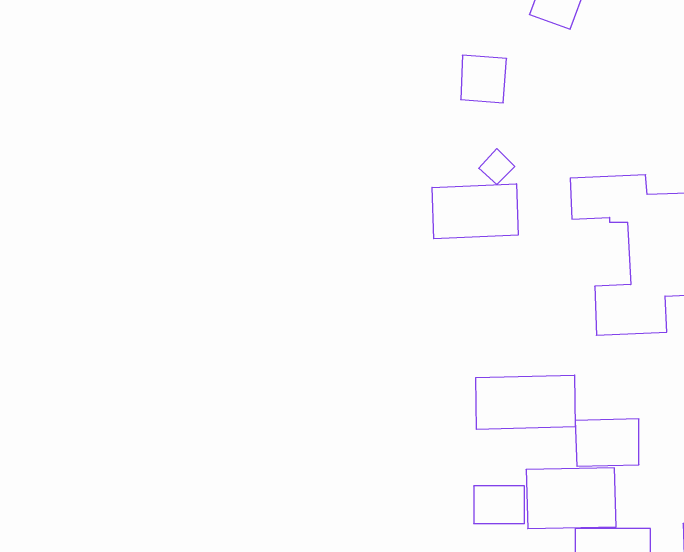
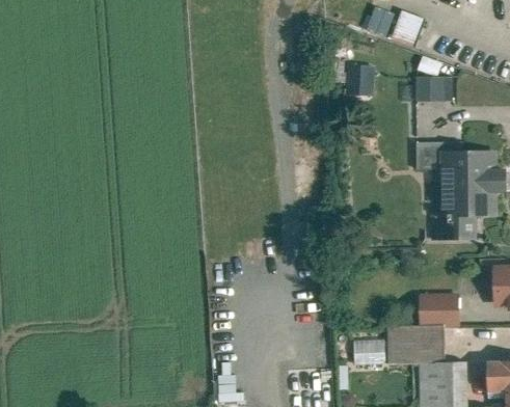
building: none -> [415,76,454,101]
building: [432,184,518,239] -> none
building: [476,375,575,429] -> none

